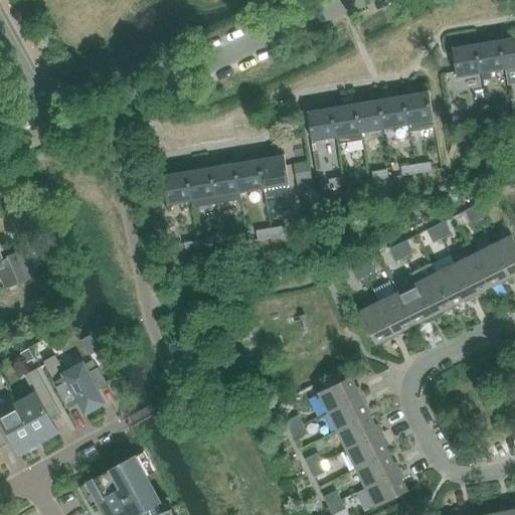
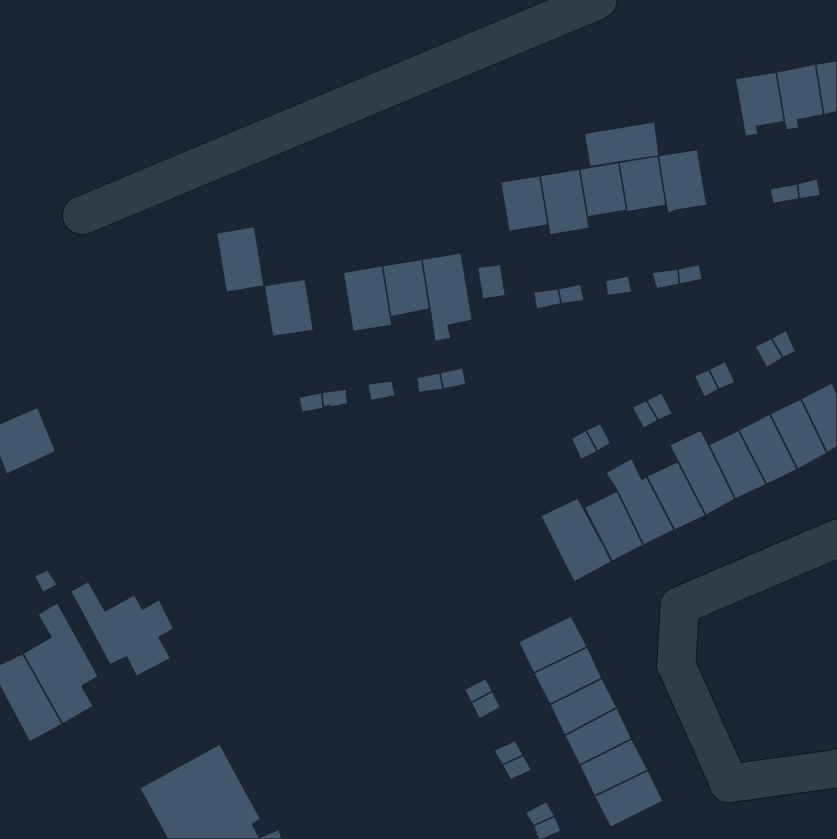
building: none -> [584,122,659,167]
building: [187,167,216,207] -> [217,227,264,292]
building: none -> [540,498,611,582]

